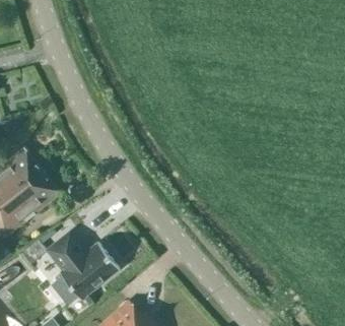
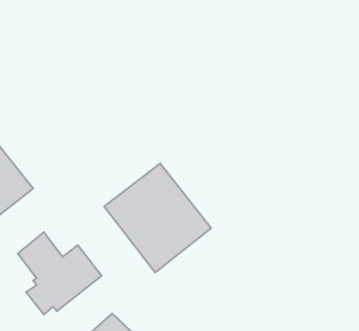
building: none -> [104,164,211,272]

